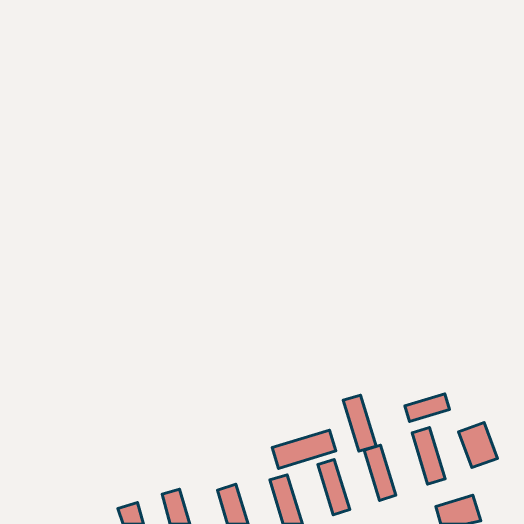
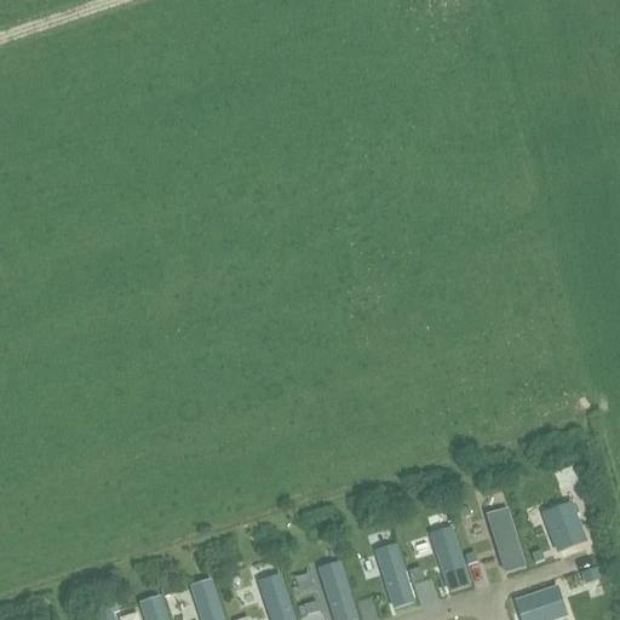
building: [405,394,449,421] -> none
building: [343,395,376,451] -> none
building: [272,430,336,469] -> none

